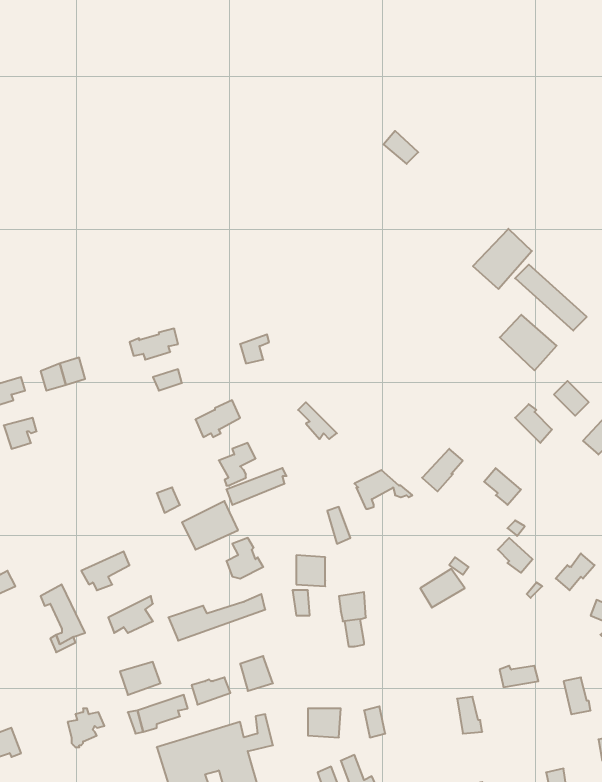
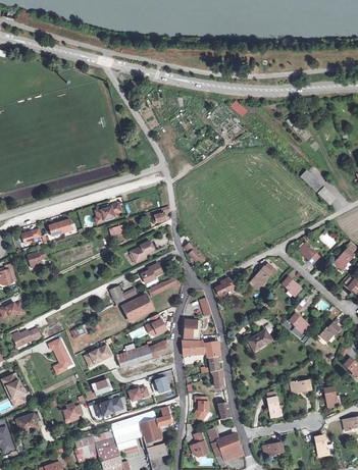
building: [473,229,532,289] -> none
building: [500,315,557,370] -> none

